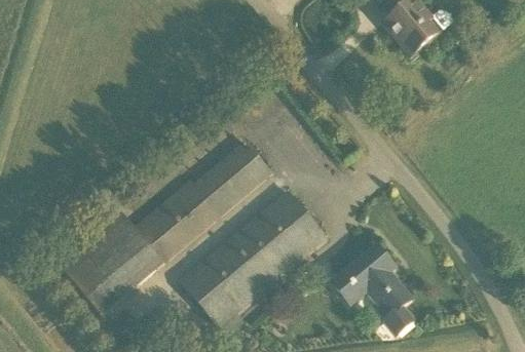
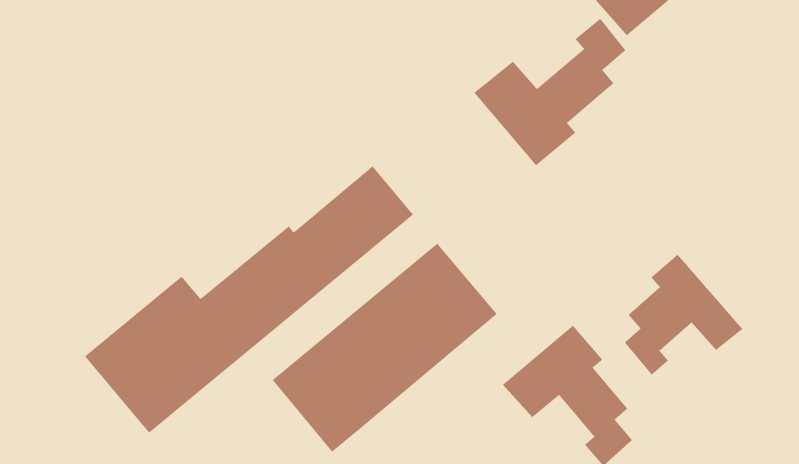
building: none -> [473,18,626,166]
building: none -> [624,254,743,376]

